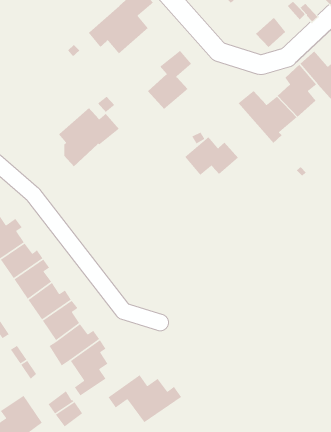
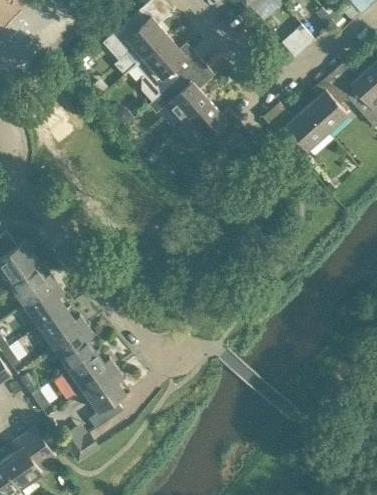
building: [58,107,120,167] -> [135,38,201,102]
building: [184,136,239,176] -> [184,103,242,145]
building: [108,374,182,423] -> none

